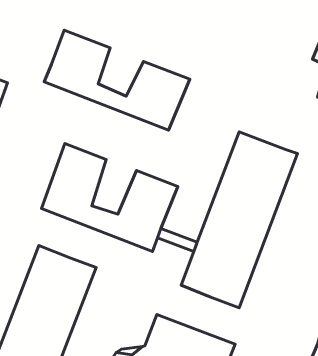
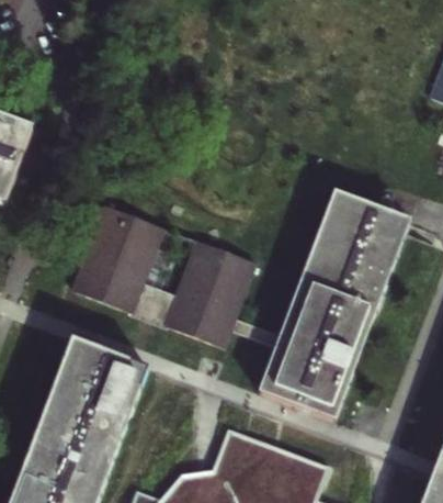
building: [44,30,190,130] -> none

